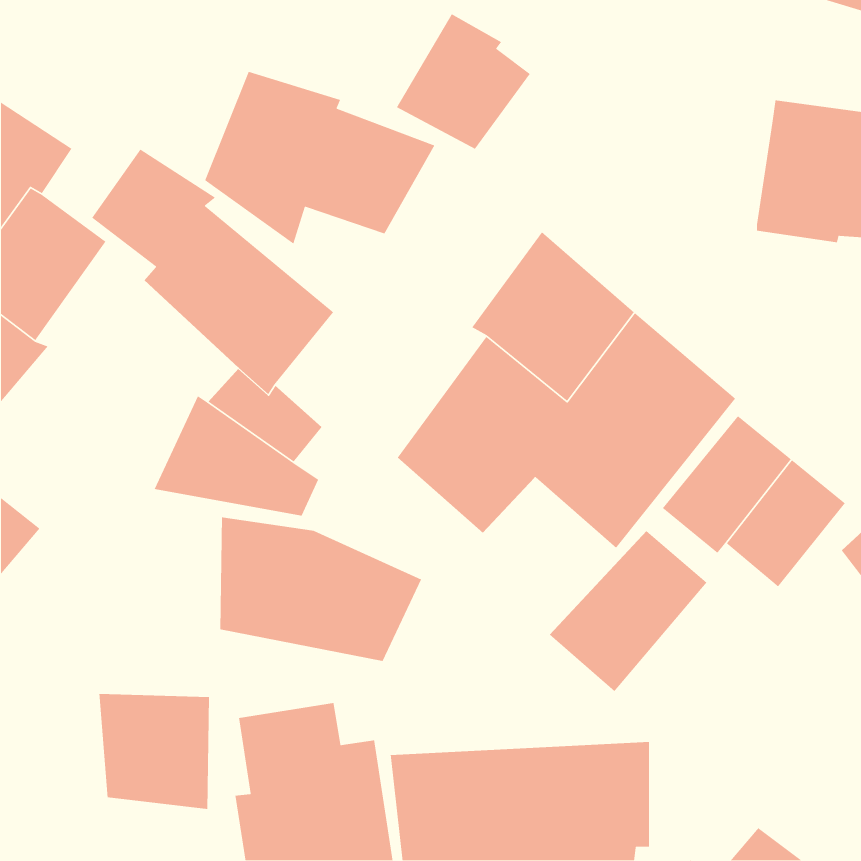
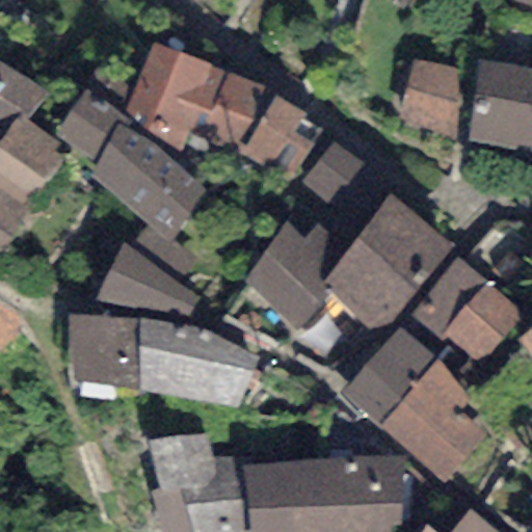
building: [396,13,531,150] -> [241,96,324,180]
building: none -> [396,60,476,138]
building: none -> [379,358,491,483]
building: [98,693,210,810] -> [69,316,137,388]

